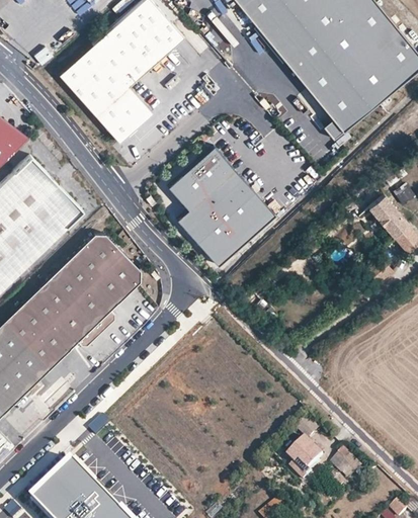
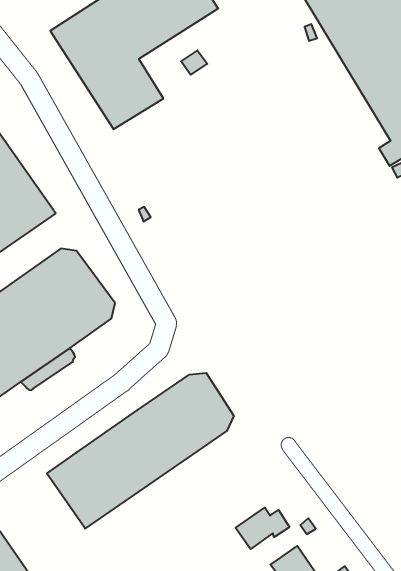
building: [167,146,275,265] -> none
building: none -> [47,373,234,529]
building: none -> [236,508,289,549]

